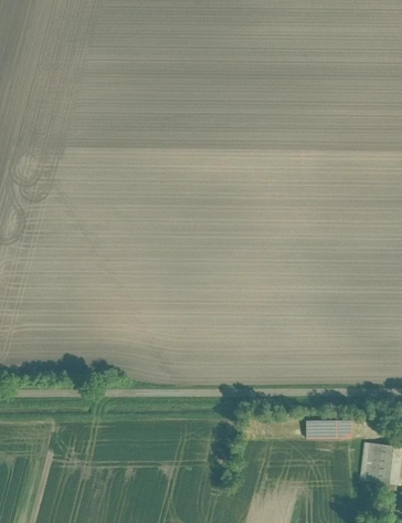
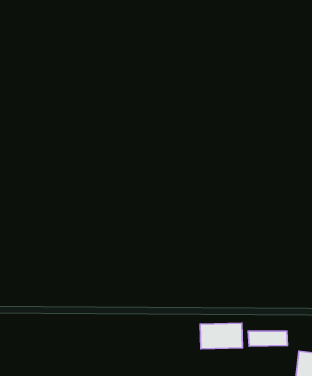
building: none -> [200,323,242,349]

